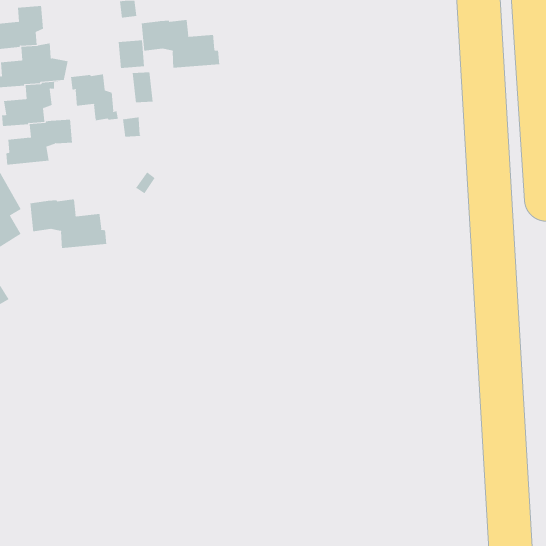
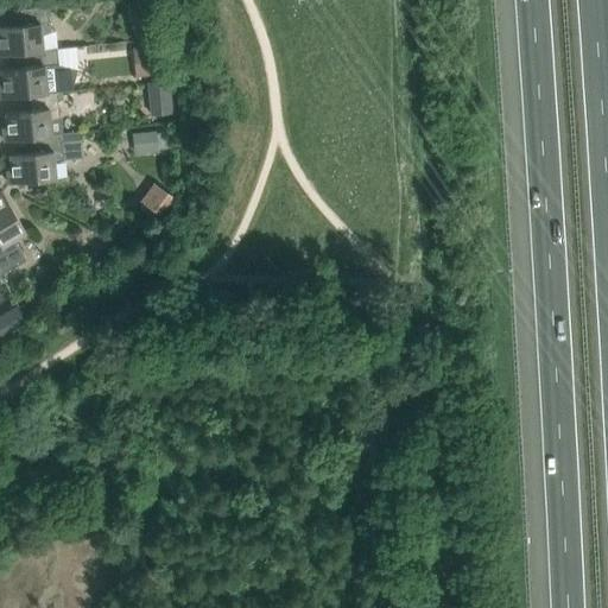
building: [141,19,220,68] -> none
building: [71,74,126,121] -> none
building: [30,198,107,249] -> none

